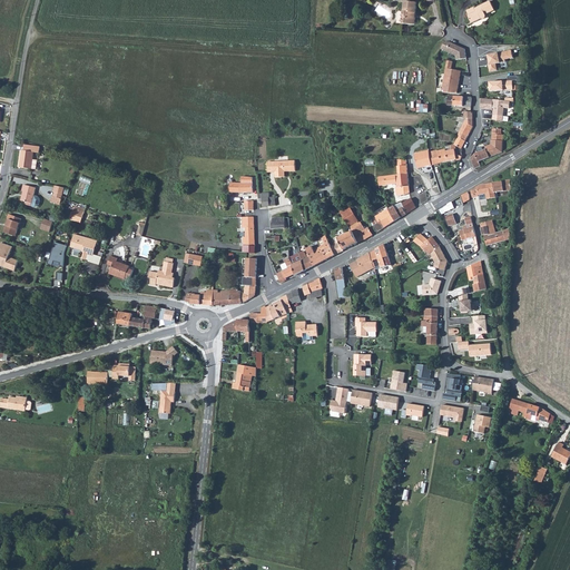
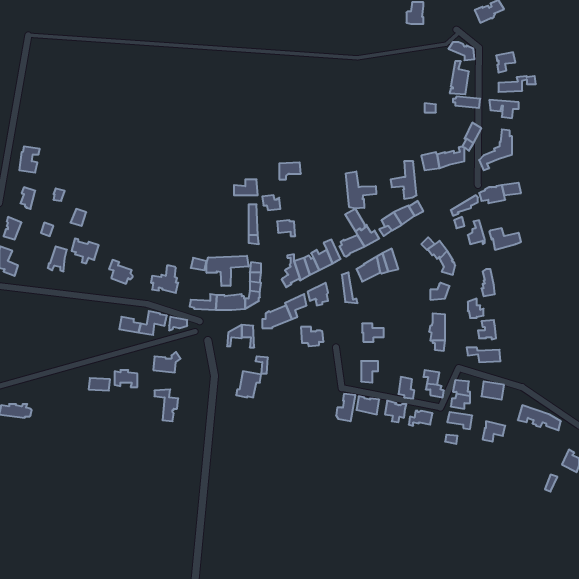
building: none -> [346,171,376,208]
building: none -> [207,256,248,286]

